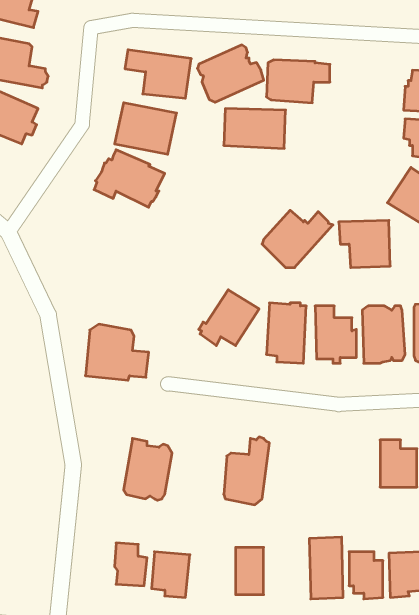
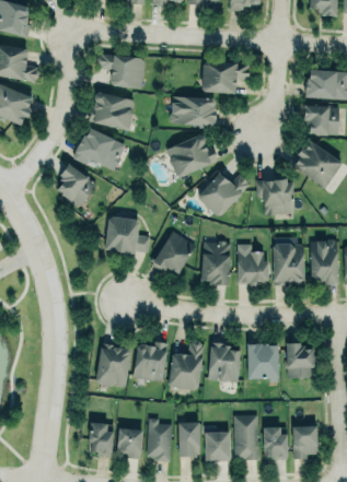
building: [197,45,264,102] -> [167,134,217,177]
building: none -> [58,164,89,205]
building: [85,324,149,380] -> [104,214,151,256]
building: none -> [132,342,167,381]
building: none -> [209,342,241,381]
building: none -> [246,344,278,380]
building: none -> [147,420,172,462]
building: none -> [205,432,231,460]

